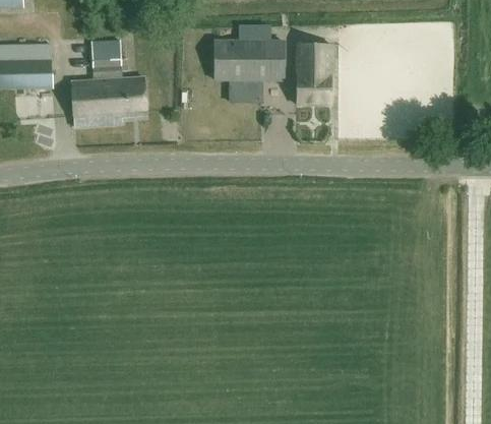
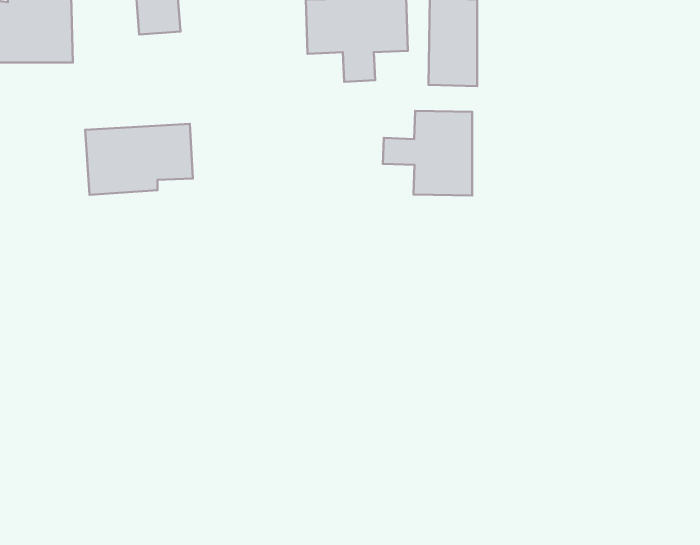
building: [70,77,144,126] -> [85,124,193,195]
building: none -> [383,111,472,195]

